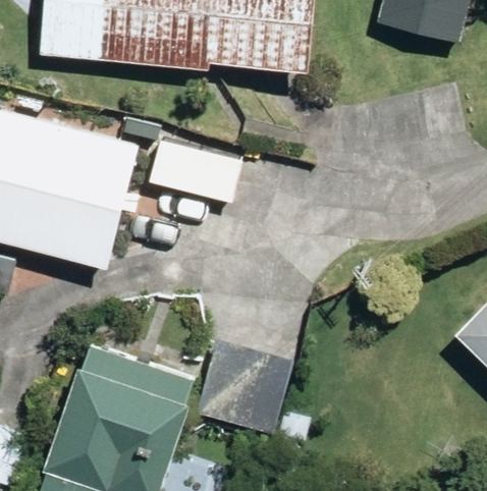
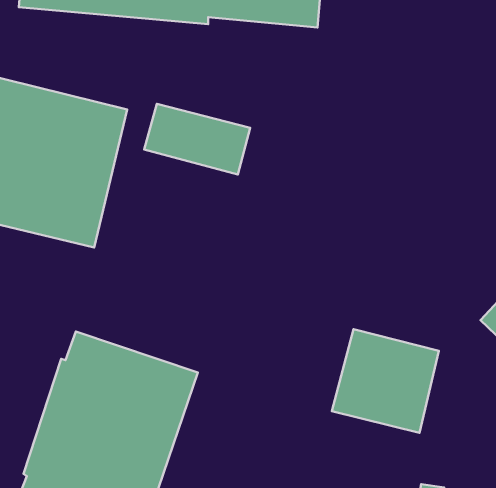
building: [199,341,294,434] -> [332,329,439,433]

